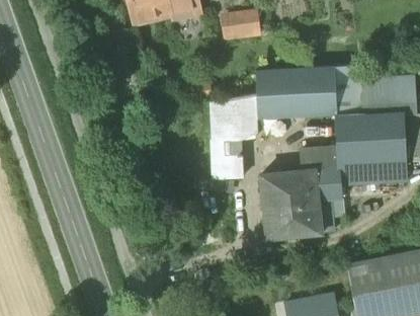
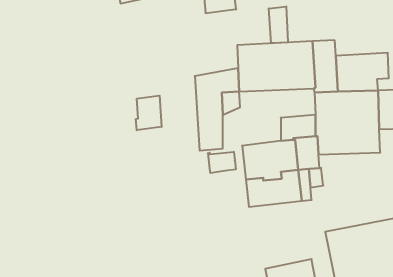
building: none -> [269,6,288,43]
building: none -> [136,96,162,130]
building: none -> [208,152,236,173]

